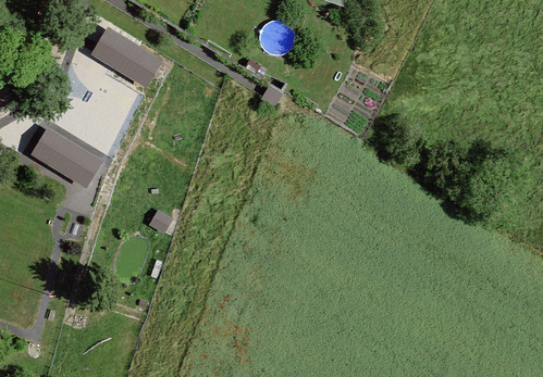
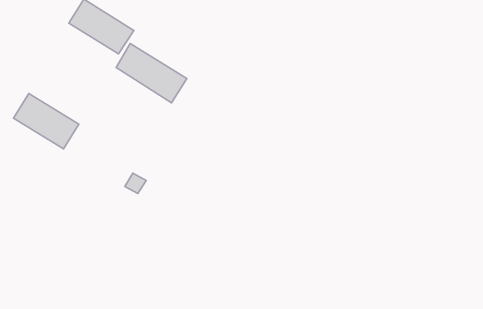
building: none -> [116,44,187,103]

